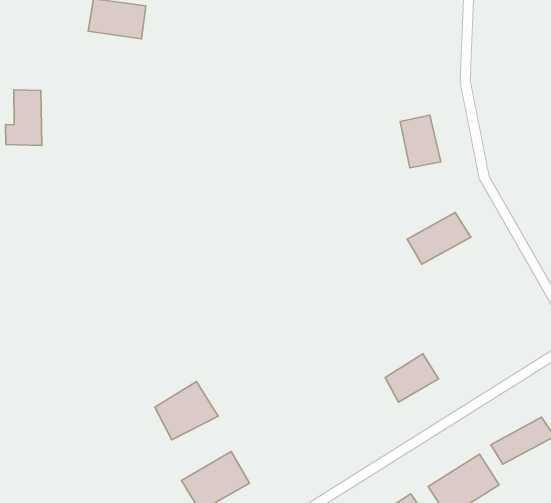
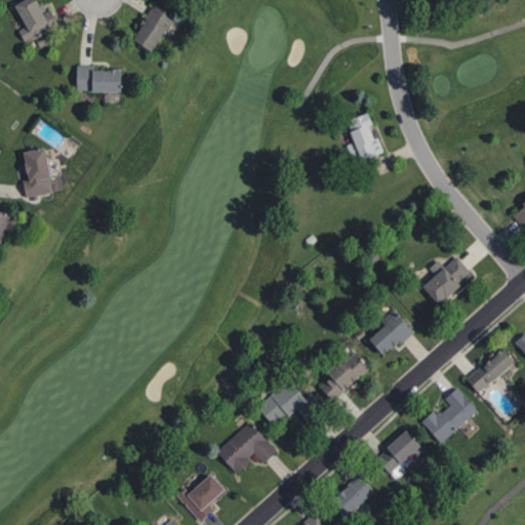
building: [407,212,471,264] -> [422,256,475,304]
building: [155,382,218,440] -> [258,379,312,431]
building: none -> [318,353,370,402]

